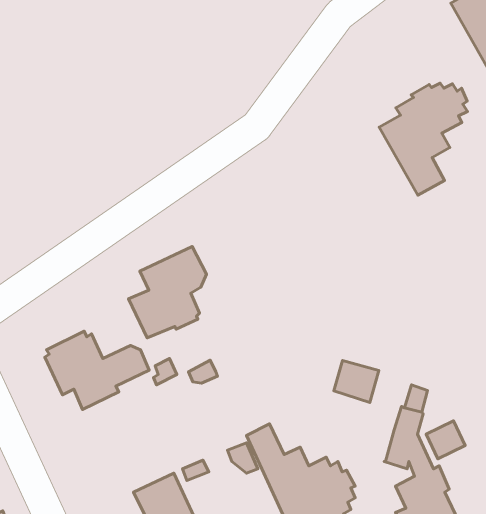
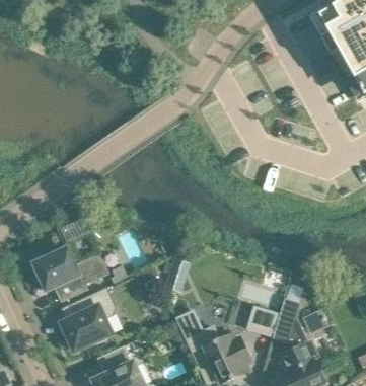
building: [379,83,467,195] -> none
building: [128,247,207,338] -> [61,286,116,350]
building: [334,360,379,402] -> [247,307,279,336]

